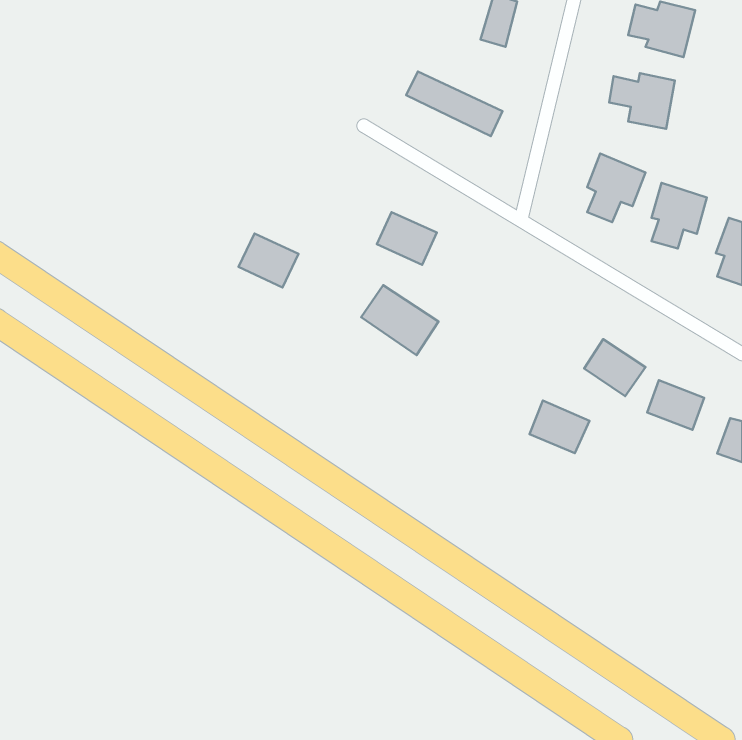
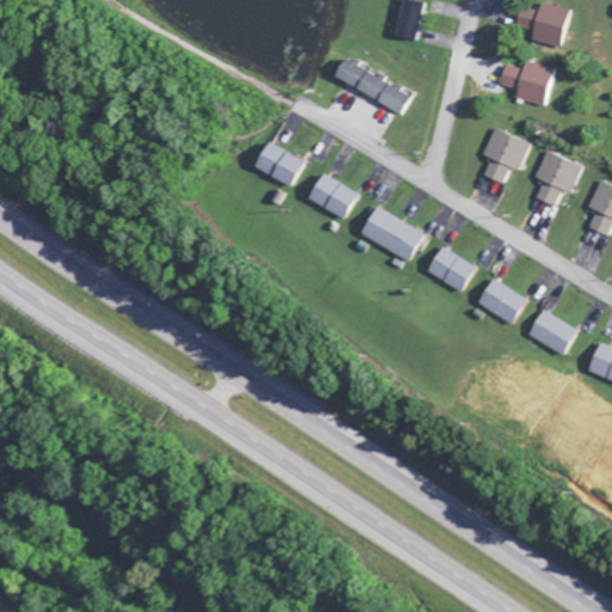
building: [239,233,298,287] -> [255,141,304,185]
building: [361,285,439,355] -> [360,204,423,262]
building: [530,401,590,453] -> [427,246,476,289]

